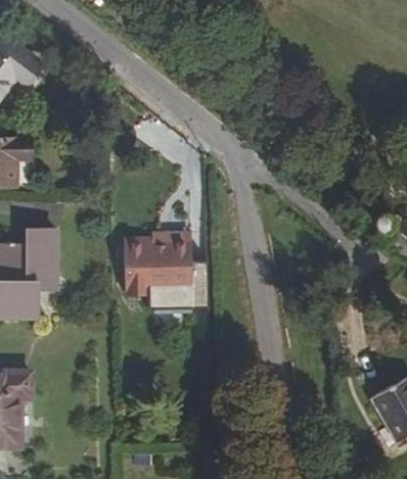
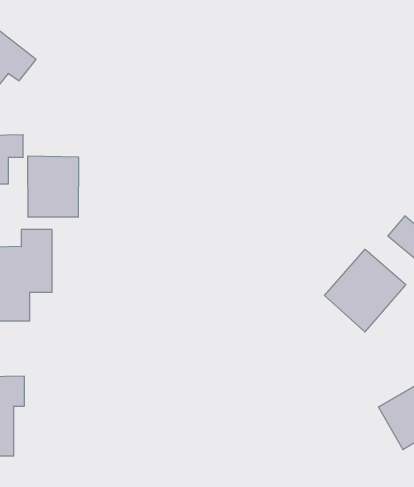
building: none -> [28,156,78,217]
building: [124,232,192,291] -> none
building: none -> [324,249,406,332]

